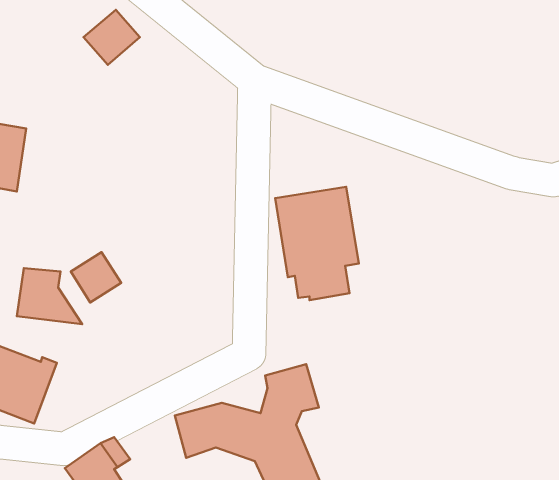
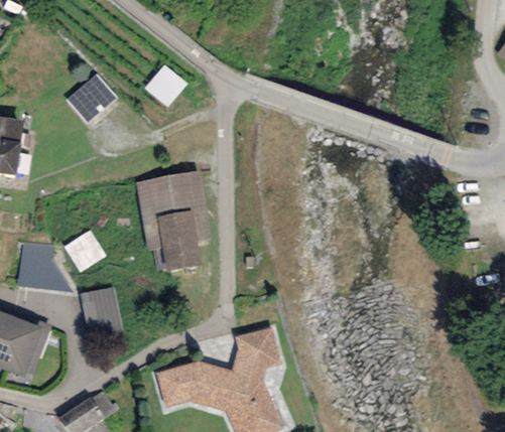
building: [84,10,140,65] -> [67,74,116,122]
building: none -> [144,64,186,108]
building: [275,187,359,300] -> [136,171,210,271]
building: none -> [81,286,124,342]

